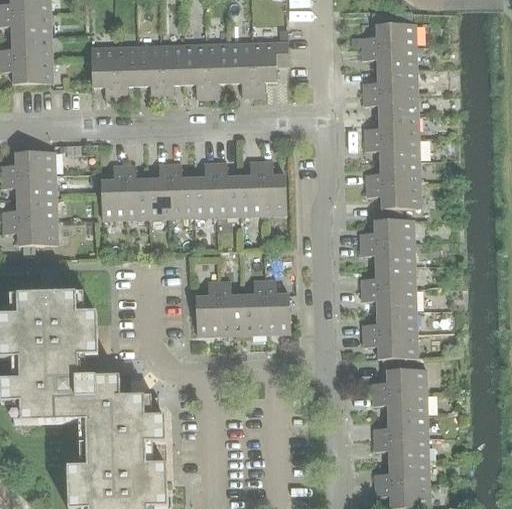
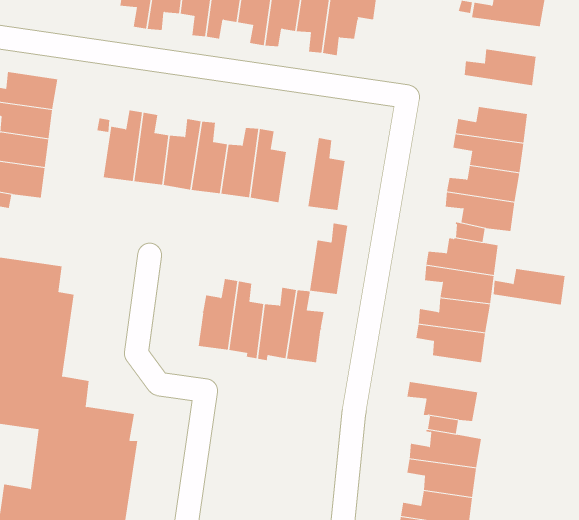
building: [362,47,417,71] -> none
building: [364,93,418,116] -> none
building: [239,161,262,216] -> [309,223,348,294]
building: [362,311,417,335] -> [493,268,565,305]

